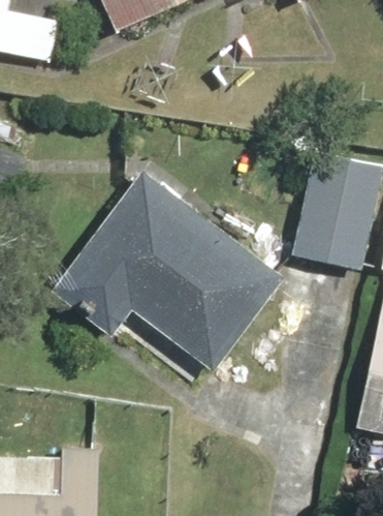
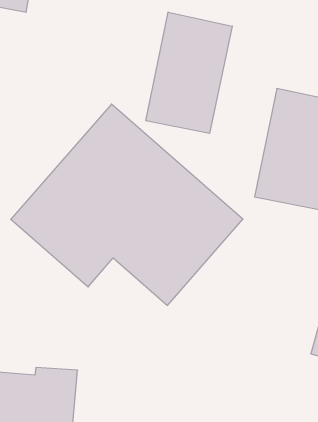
building: none -> [146,12,232,133]

